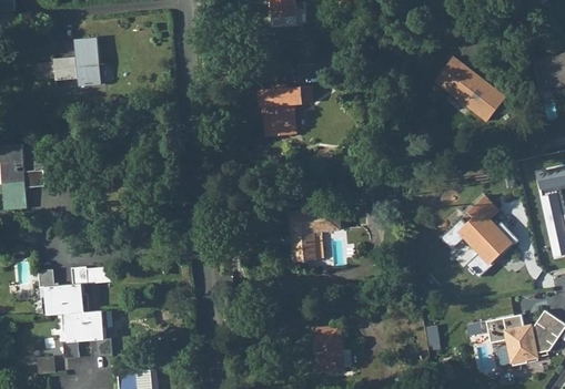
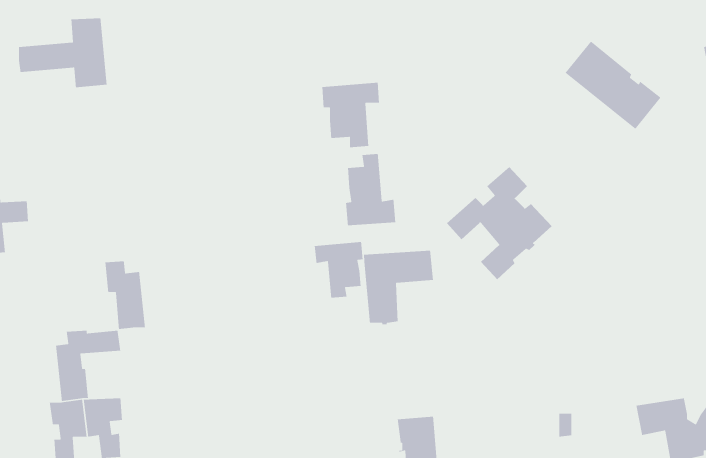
building: none -> [345,153,396,226]
building: [441,195,517,277] -> [446,166,552,280]
building: none -> [314,241,363,298]
building: [41,269,71,319] -> [104,260,146,330]

